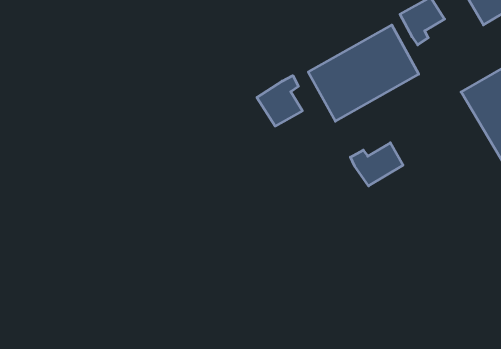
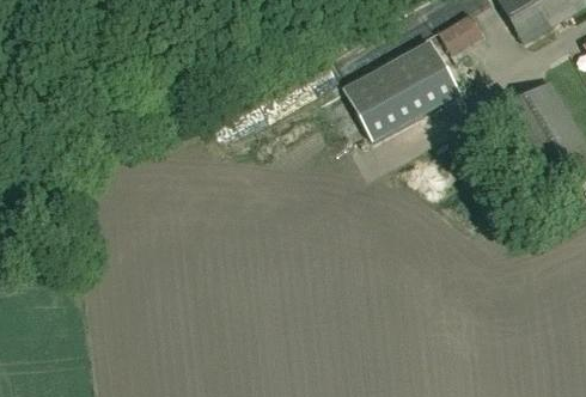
building: [257,76,302,126] -> none
building: [350,143,403,186] -> none

